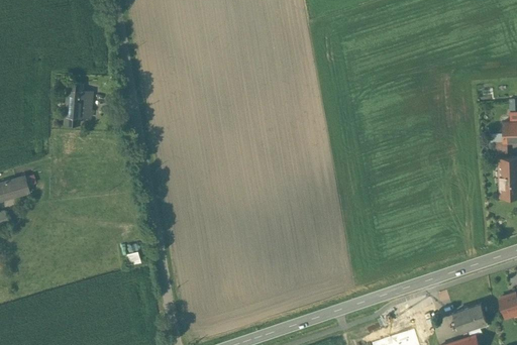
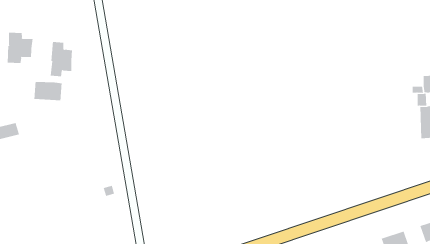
building: none -> [7,32,33,64]
building: none -> [34,81,62,101]

